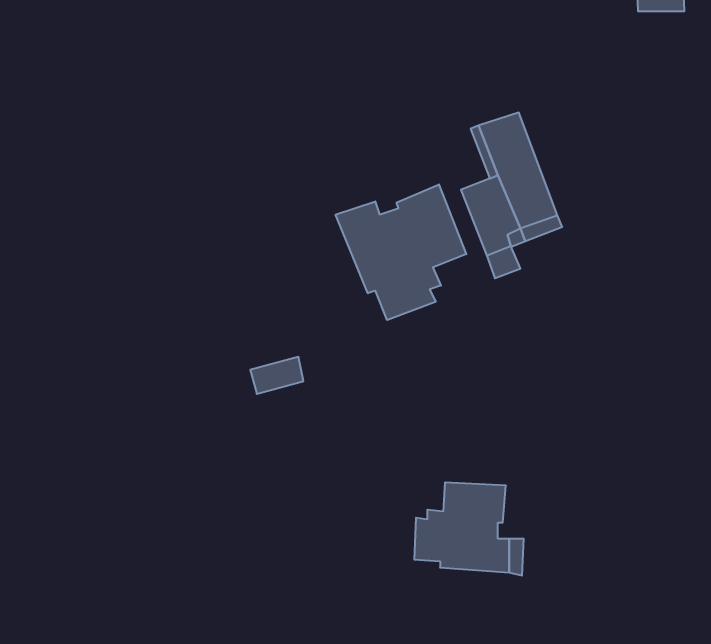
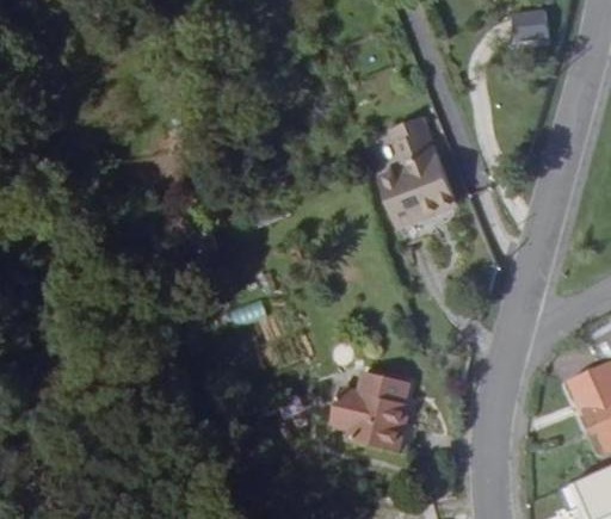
building: [336,184,466,320] -> none

